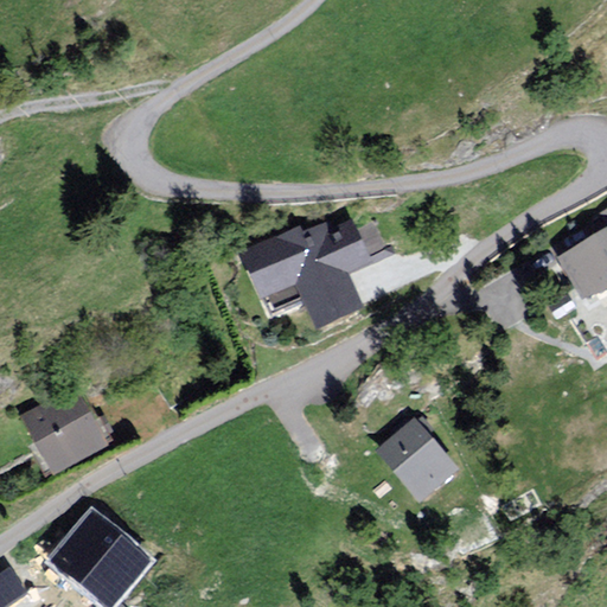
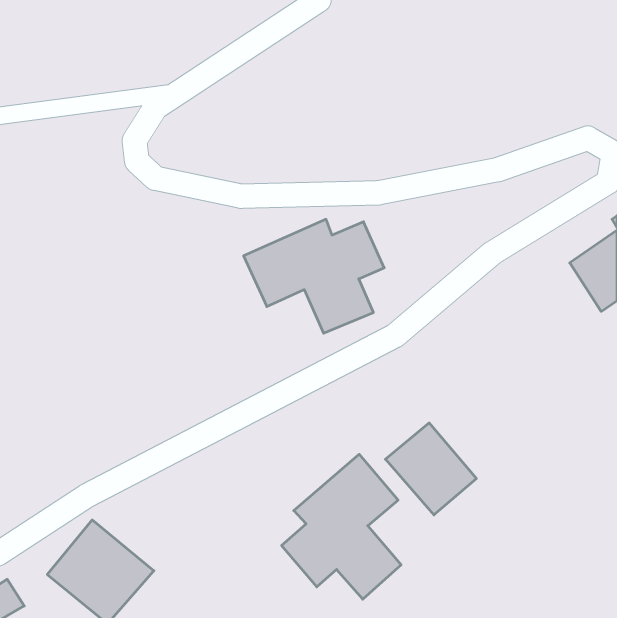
building: [17,390,107,477] -> none
building: none -> [282,454,401,599]

